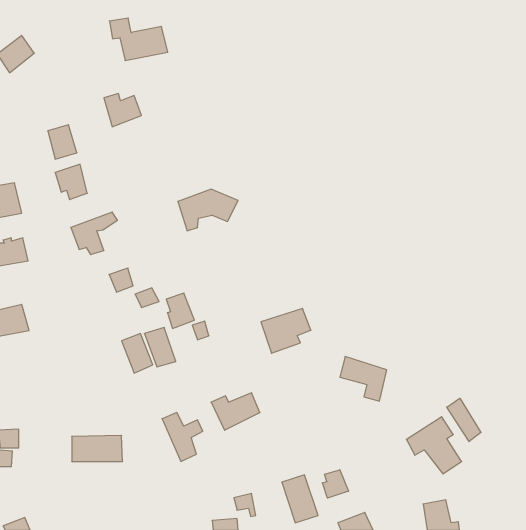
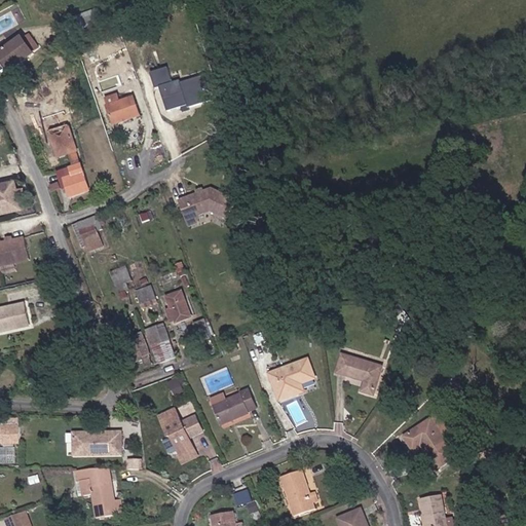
building: [109,18,168,61] -> [148,66,205,108]
building: [261,308,311,353] -> [266,358,315,402]
building: [447,398,481,442] -> none
building: [322,470,349,498] -> none
building: none -> [74,467,120,518]

